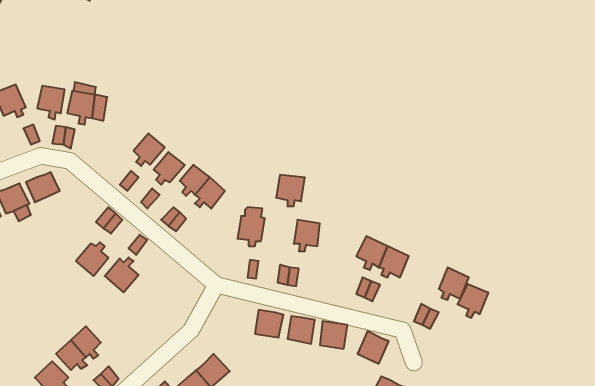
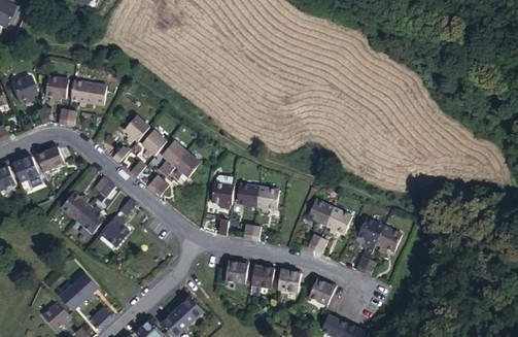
building: [276,175,305,206] -> [236,183,260,209]
building: none -> [62,192,90,220]
building: [457,284,489,318] -> [357,217,383,245]

